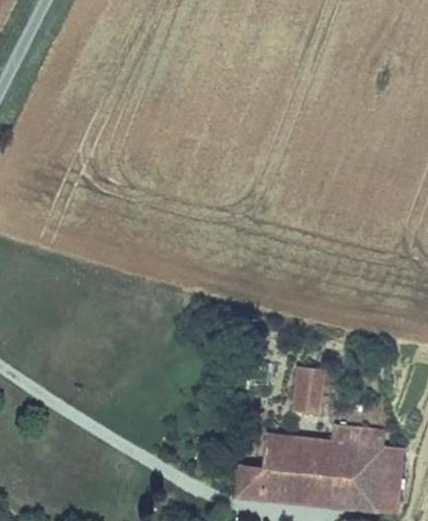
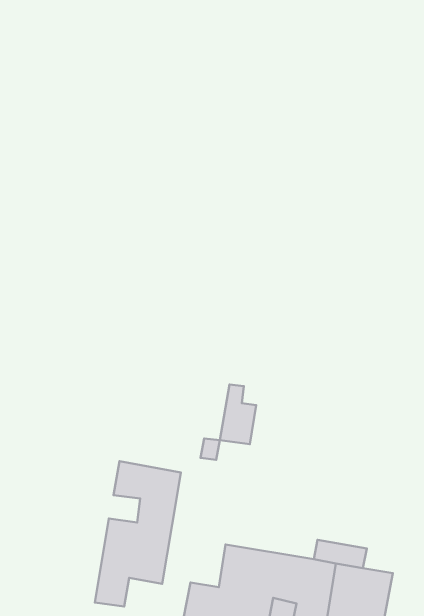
building: [301,369,325,413] -> [220,384,256,444]
building: none -> [95,461,181,607]

